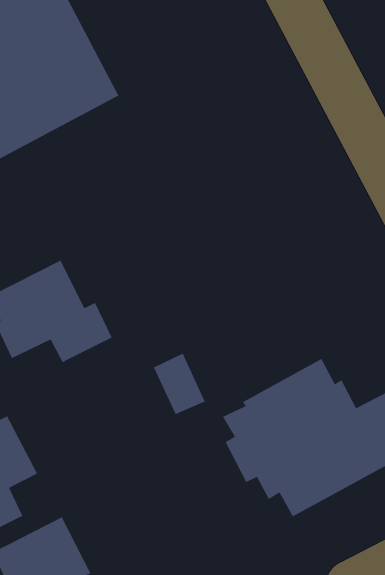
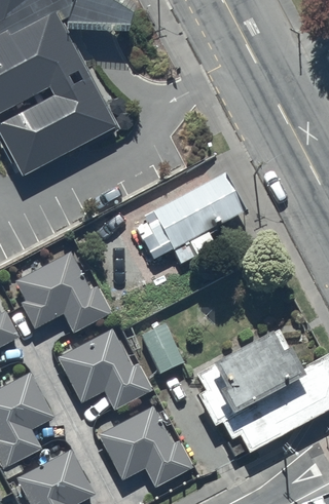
building: none -> [135,173,242,265]
building: none -> [56,329,151,411]
building: none -> [97,405,192,488]

